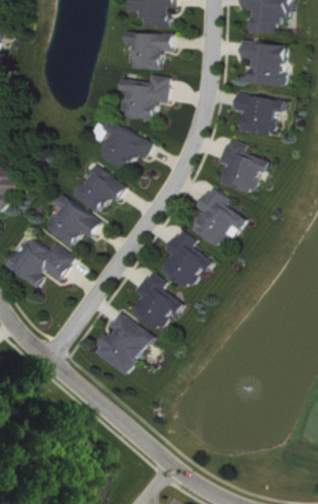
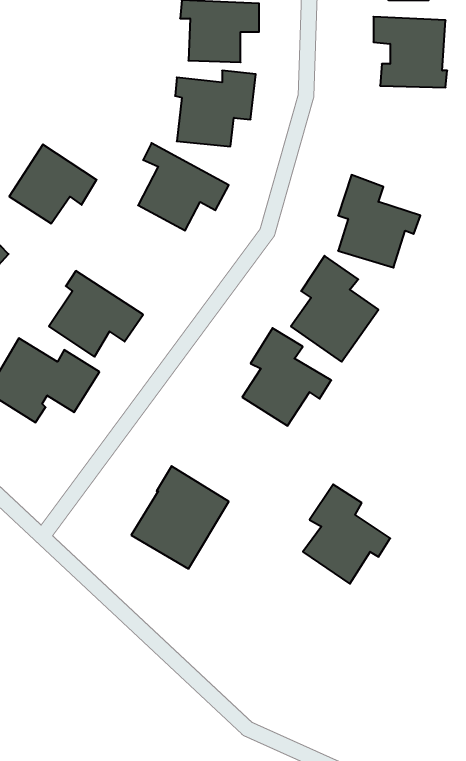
building: [234,93,283,135] -> none
building: [74,164,127,212] -> [9,144,97,223]
building: [132,271,184,331] -> [303,484,390,584]

